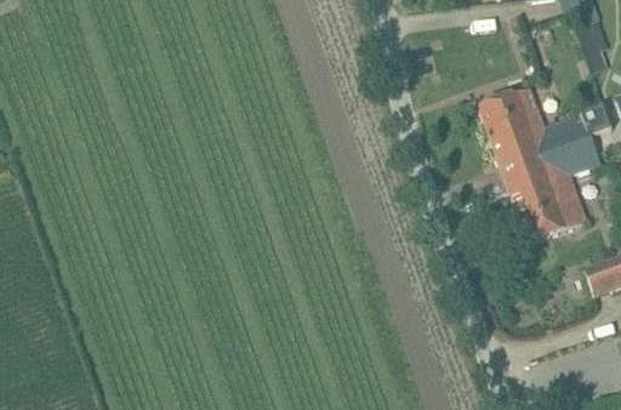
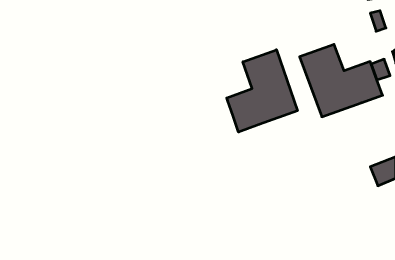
building: none -> [227,50,297,132]
building: [511,171,587,240] -> none

